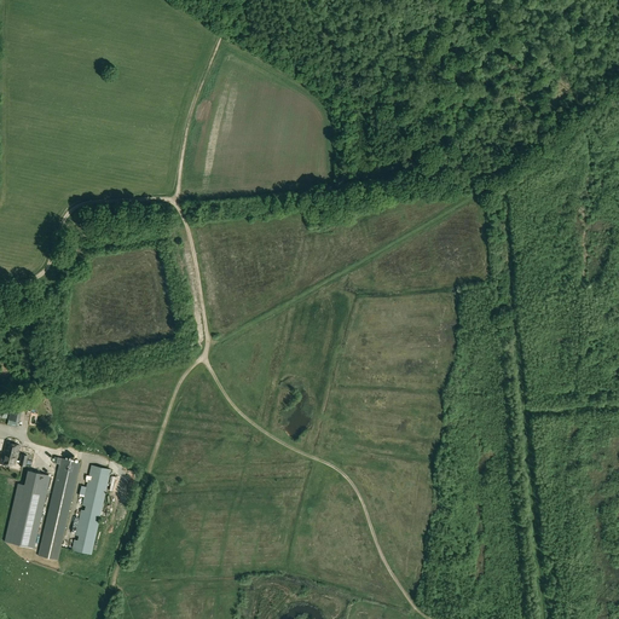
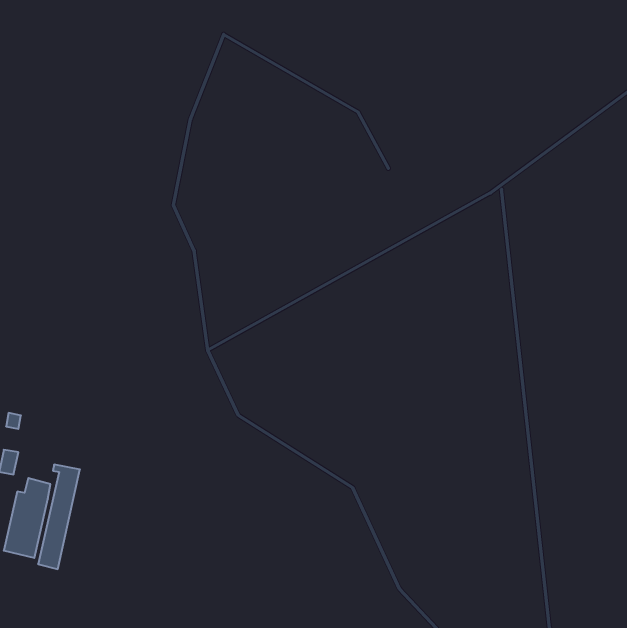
building: [70,465,110,555] -> none

